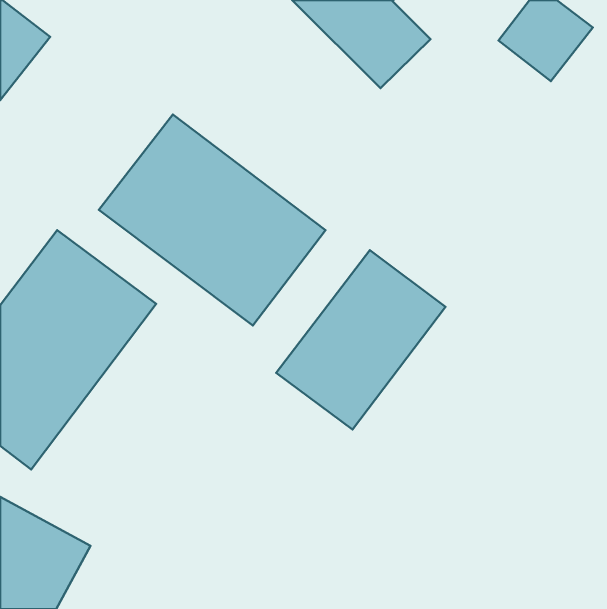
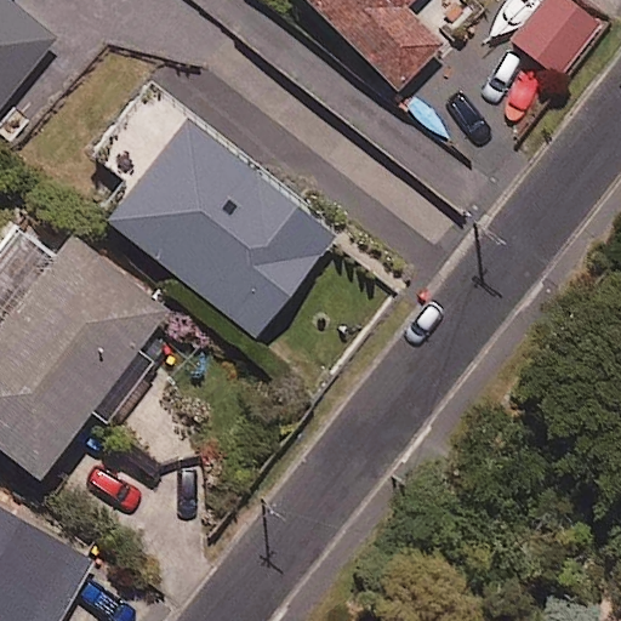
building: [276,250,445,429] -> none

